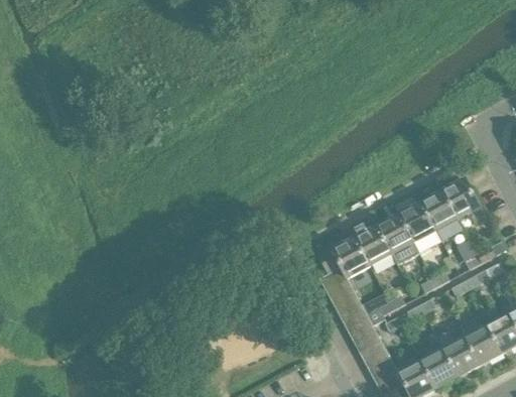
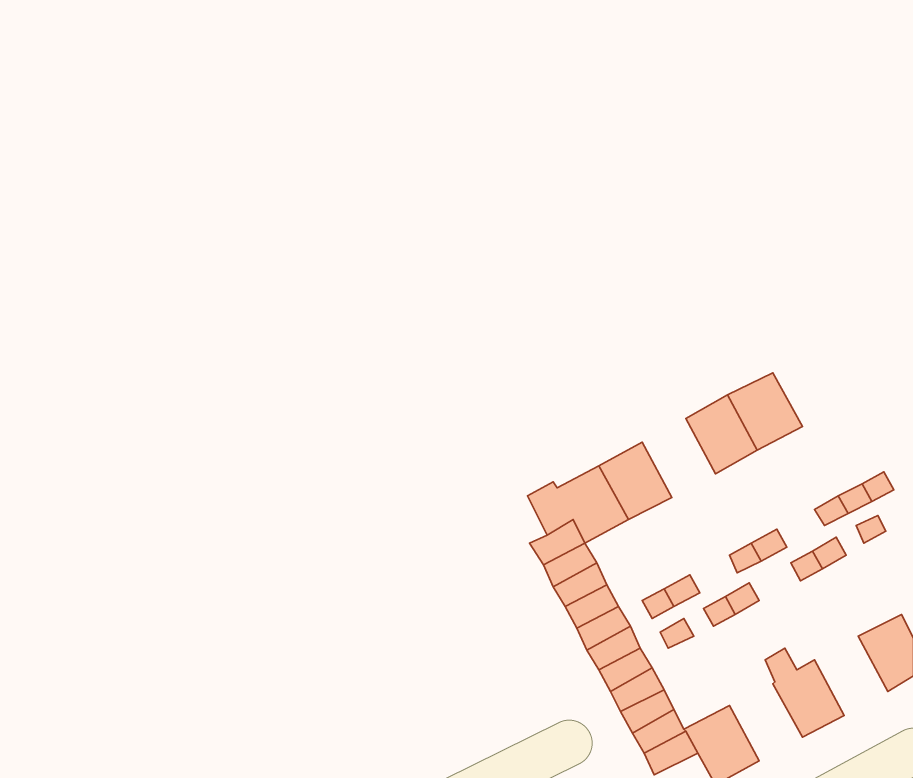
building: [442,177,486,222] -> none
building: [376,214,418,264] -> none
building: [464,324,501,365] -> none
building: [420,349,458,388] -> none

